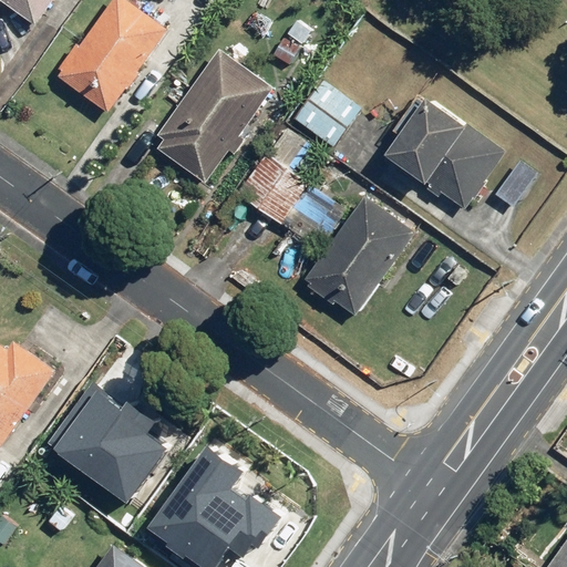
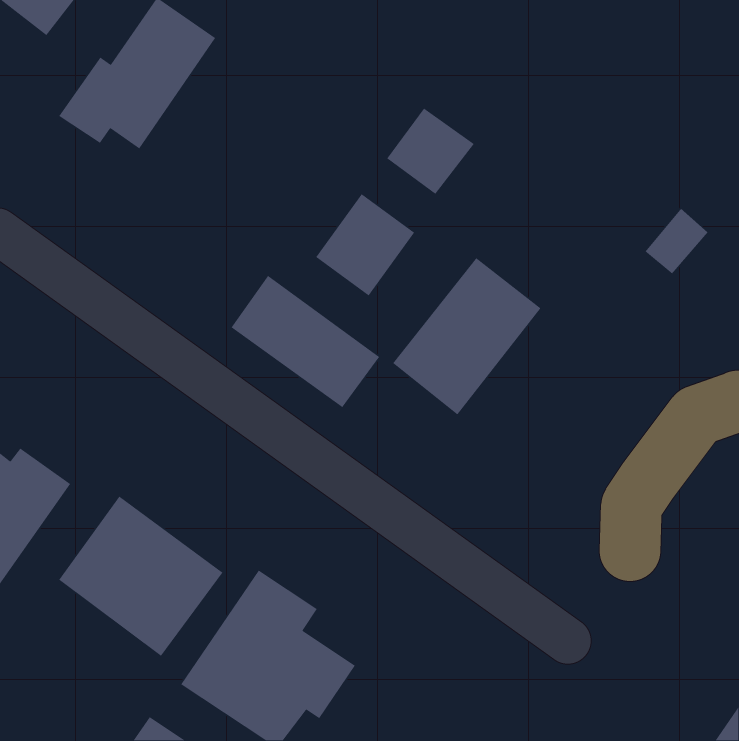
building: [150,50,275,185] -> none
building: [378,97,506,216] -> none
building: none -> [230,275,380,408]

